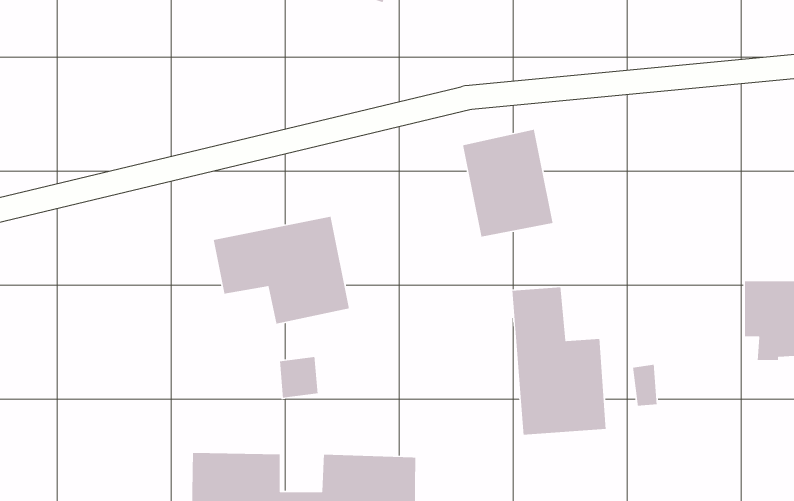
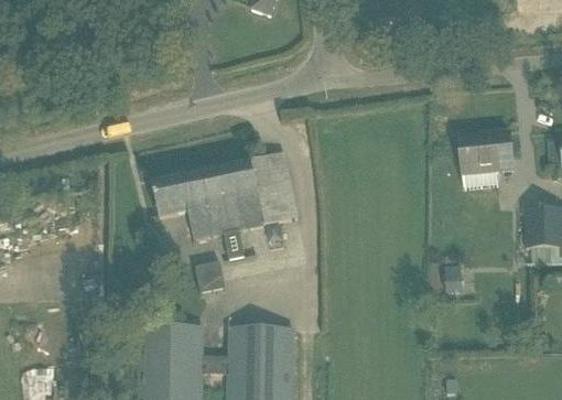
building: [462,129,554,238] -> [235,151,299,227]
building: none -> [460,131,514,186]
building: [512,286,606,436] -> none

